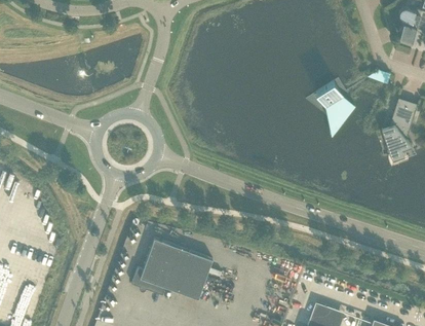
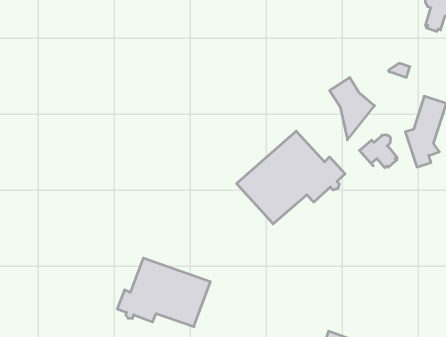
building: none -> [237,131,345,224]
building: none -> [359,135,397,168]

